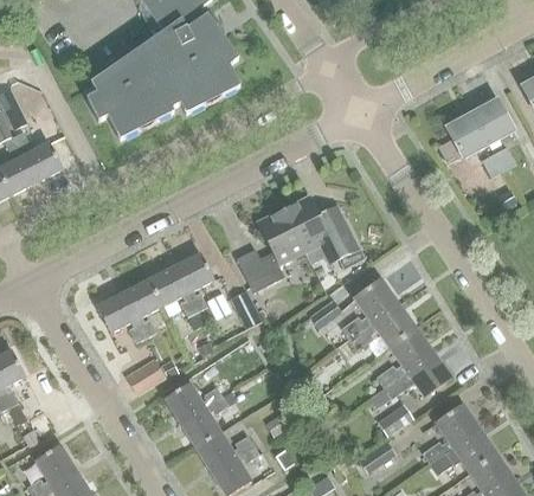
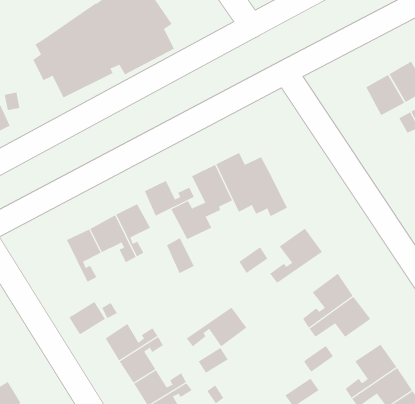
building: none -> [144,180,194,217]
building: [97,291,146,342] -> none
building: [350,304,417,348] -> [186,307,247,347]

